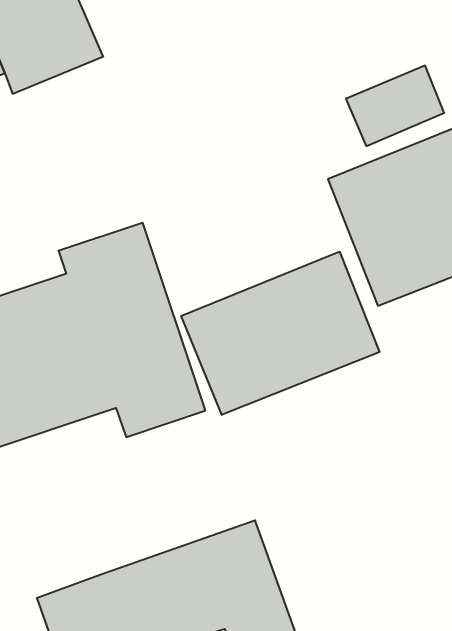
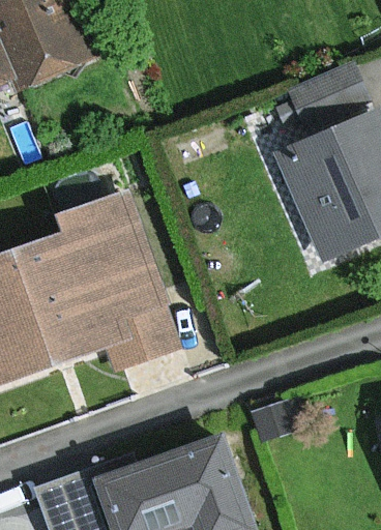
building: [181,252,380,415] -> none

